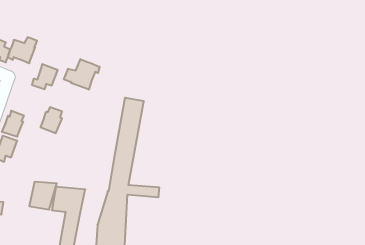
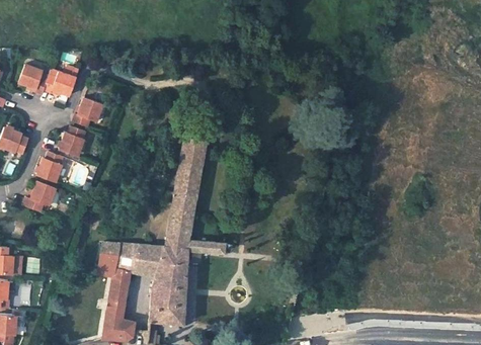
building: [64,59,100,90] -> none
building: [40,107,62,133] -> [61,127,86,158]
building: [29,182,57,210] -> [131,245,163,277]

